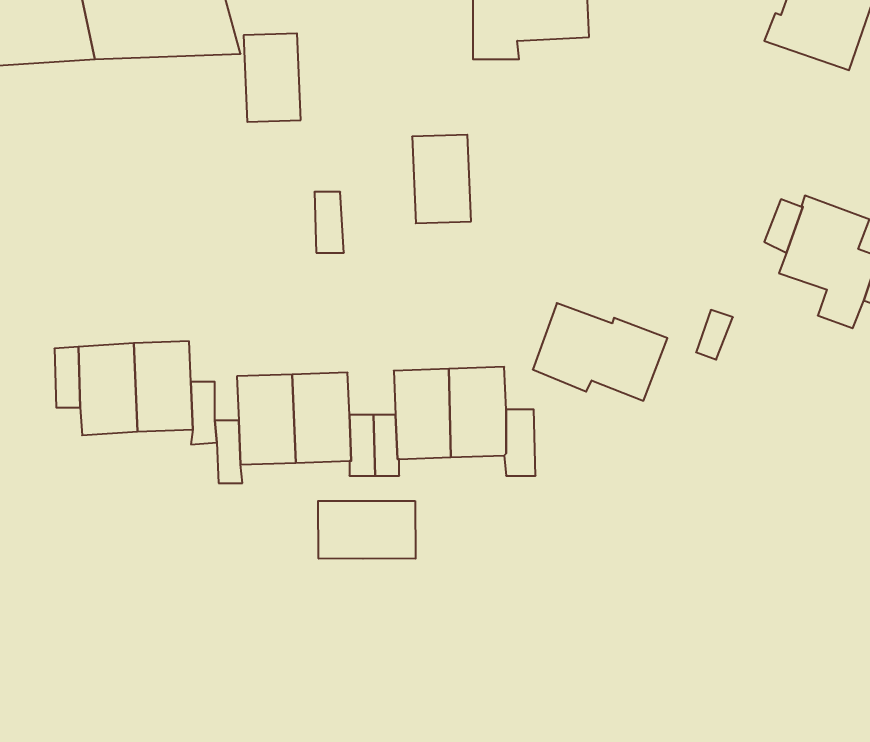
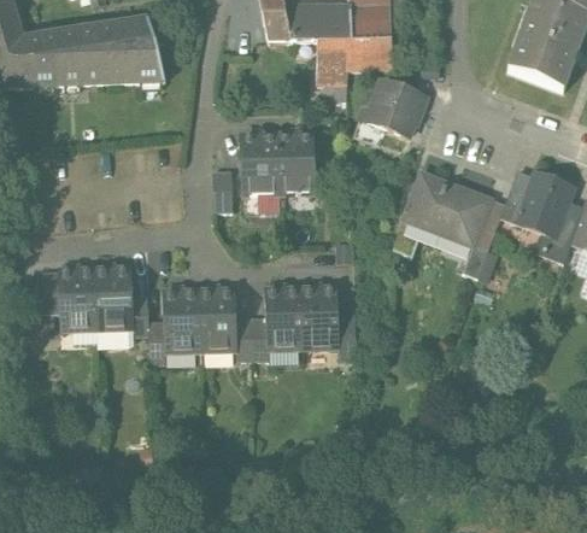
building: [244,33,301,122] -> [241,131,278,189]
building: none -> [365,81,425,136]
building: [533,303,667,401] -> [403,176,491,240]
building: [318,501,416,559] -> none

